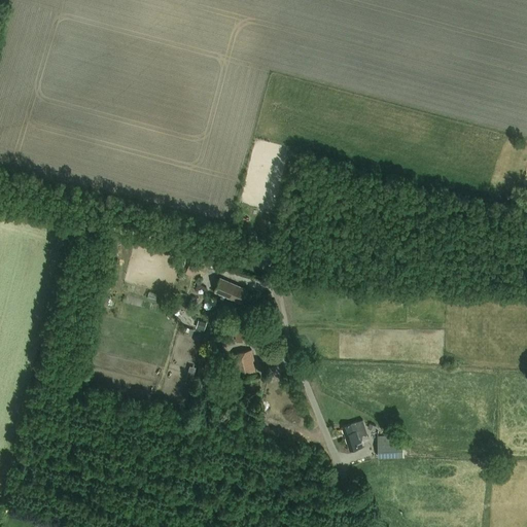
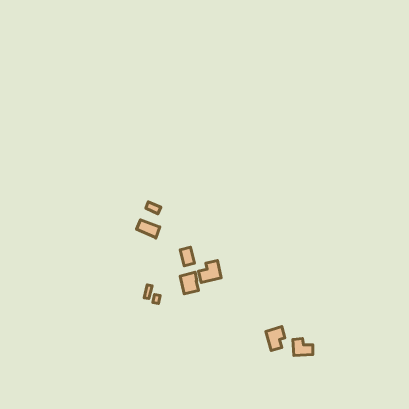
building: [214,280,244,304] -> [137,220,160,238]
building: none -> [199,260,221,282]

